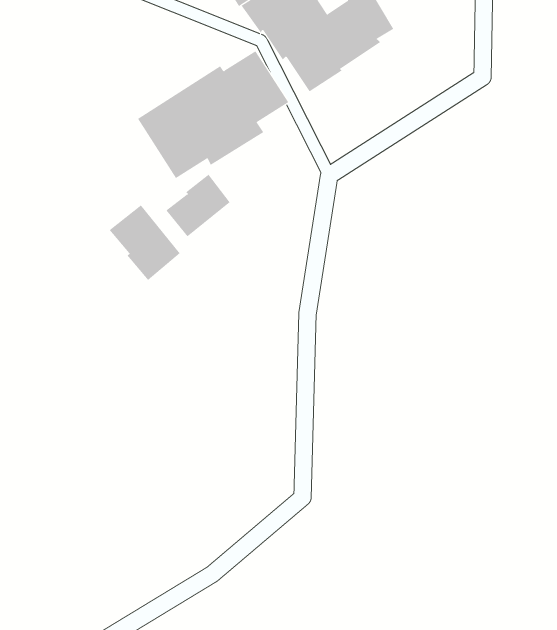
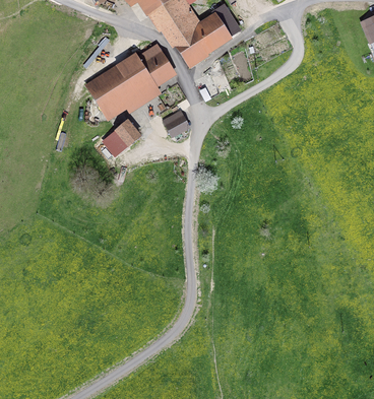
building: none -> [162,109,190,137]
building: [109,204,180,281] -> none

